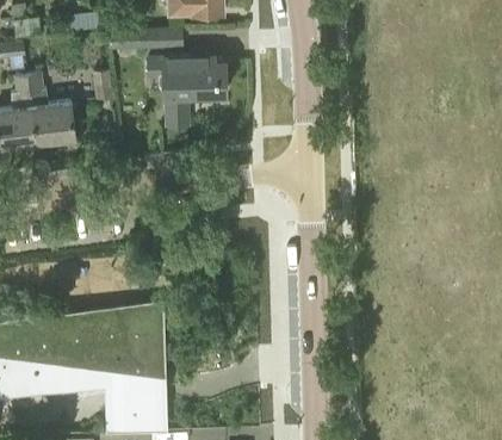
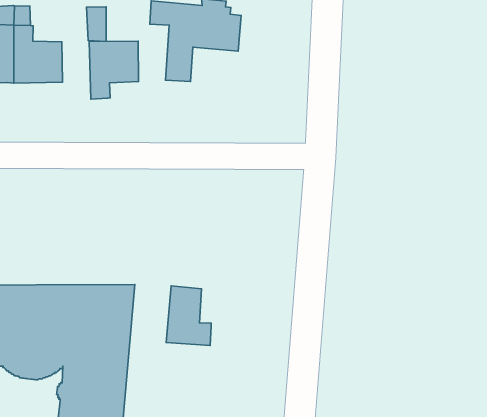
building: none -> [89,41,139,99]
building: none -> [166,286,211,346]

